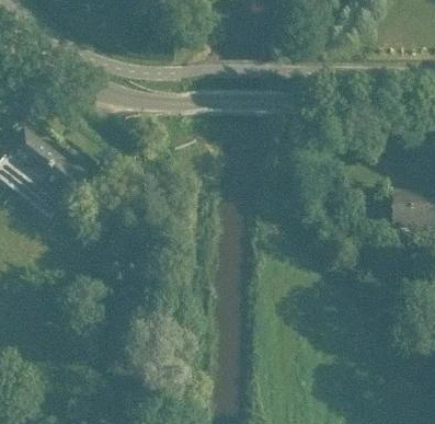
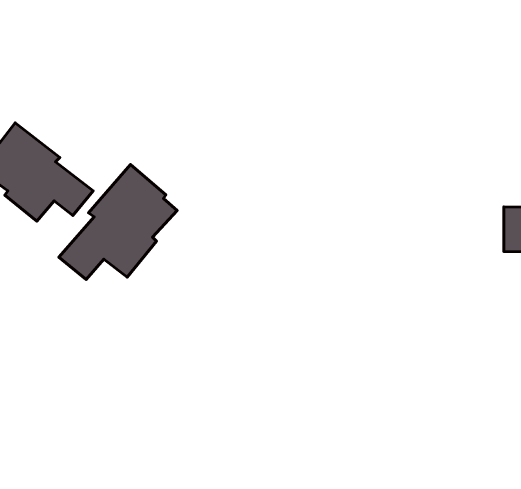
building: none -> [59,164,177,279]

